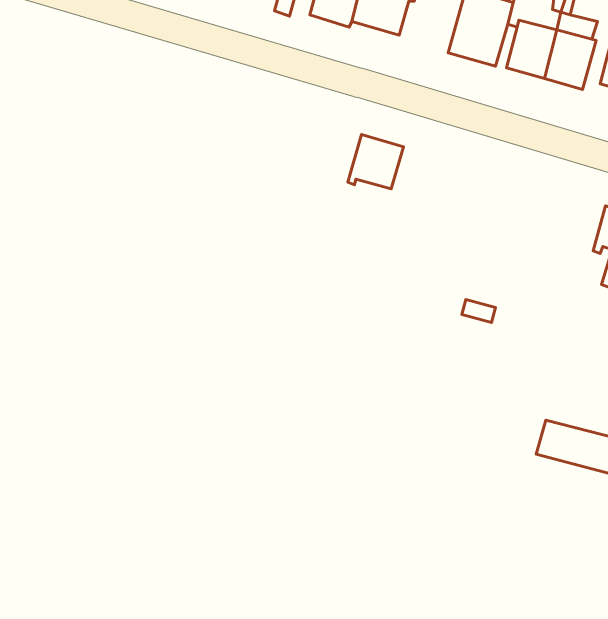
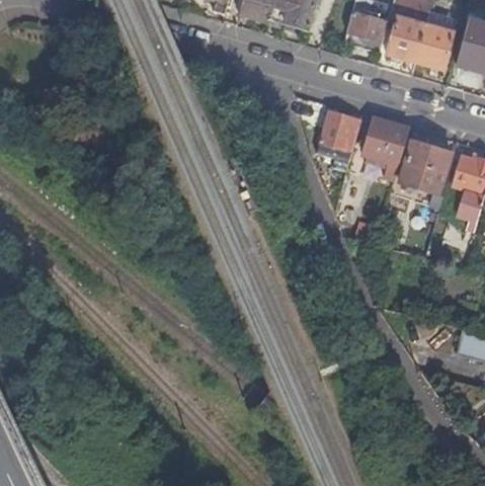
building: [348,135,403,189] -> [319,110,360,151]
building: none -> [363,117,409,169]
building: none -> [400,140,452,192]

